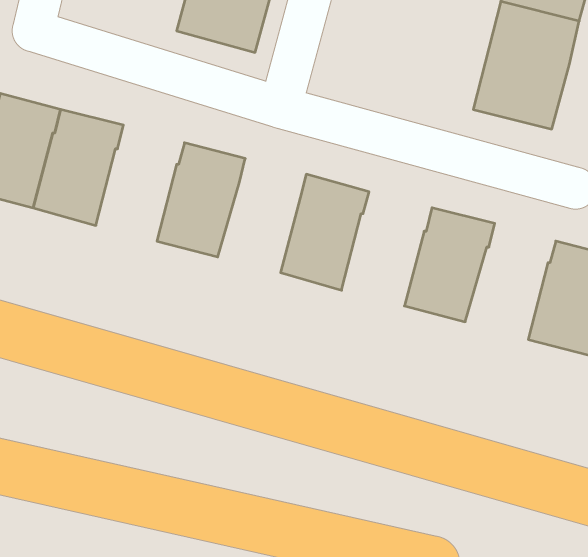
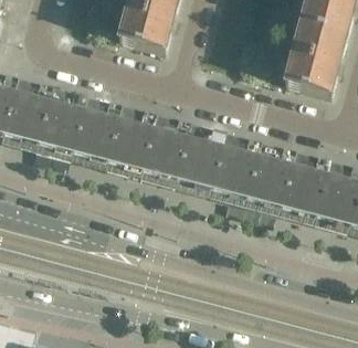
building: none -> [71,96,120,161]
building: none -> [139,115,189,179]
building: none -> [209,134,260,198]
building: none -> [278,151,329,217]

